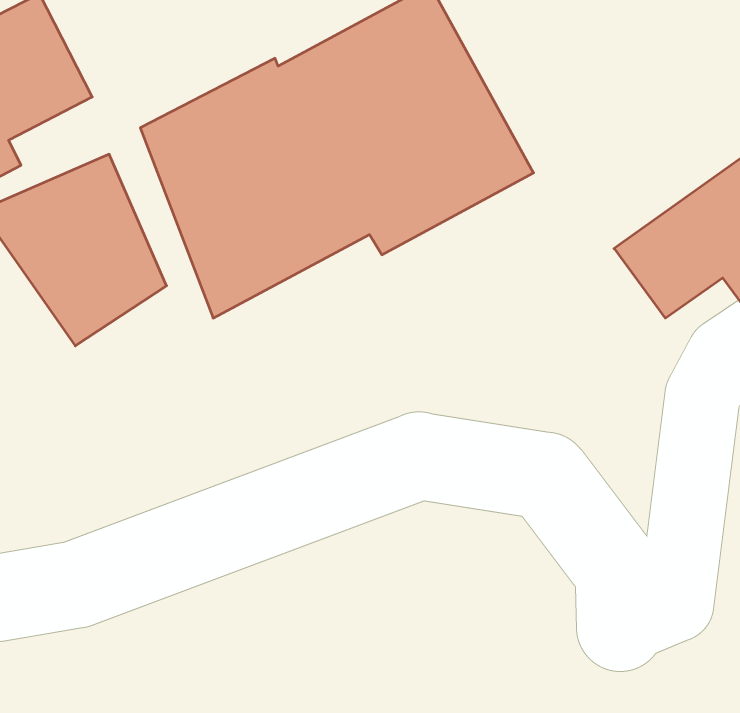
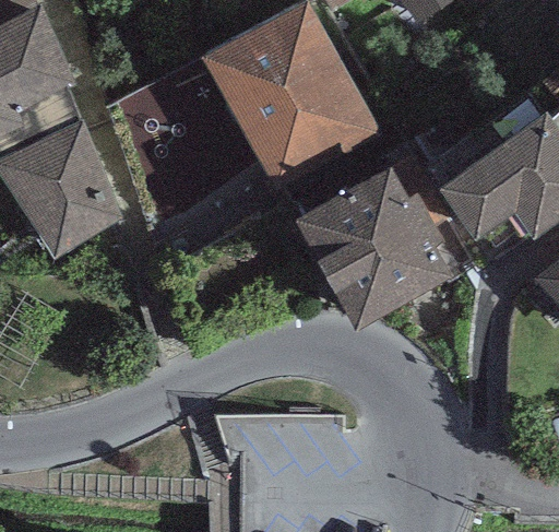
building: none -> [290,146,451,330]

